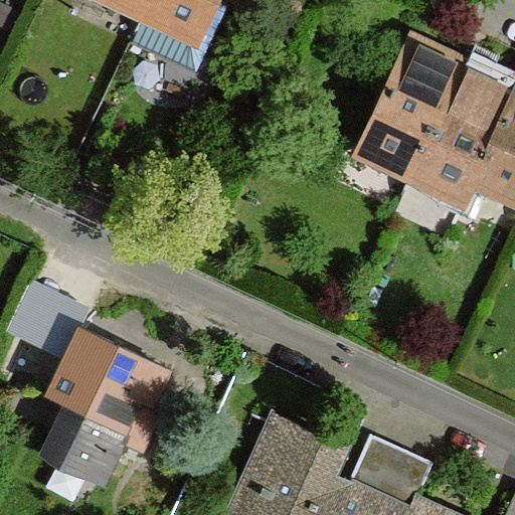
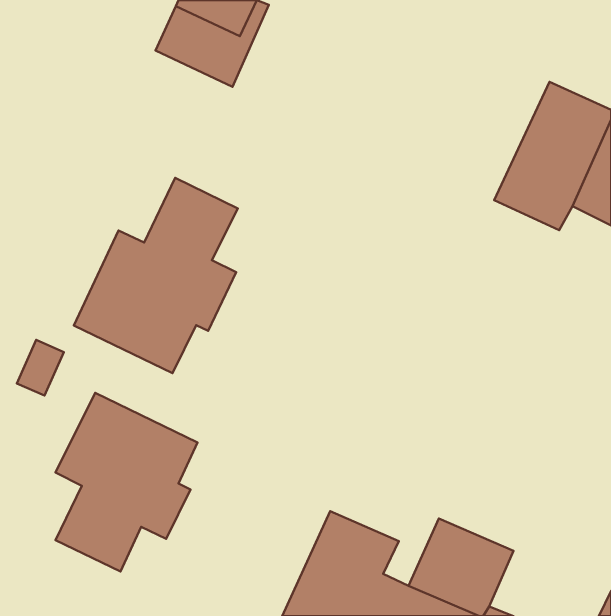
building: [361,43,459,167] -> none
building: none -> [74,178,238,373]

